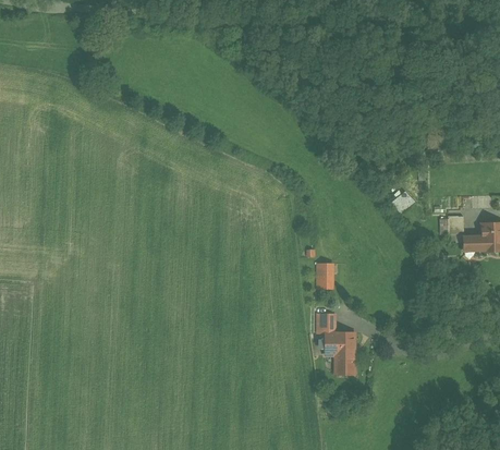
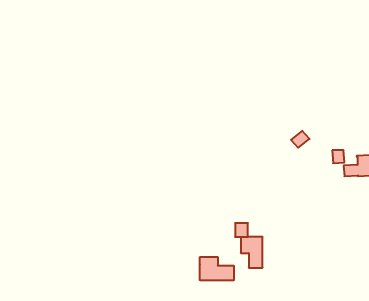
building: [317,262,336,289] -> none
building: none -> [200,257,234,280]

